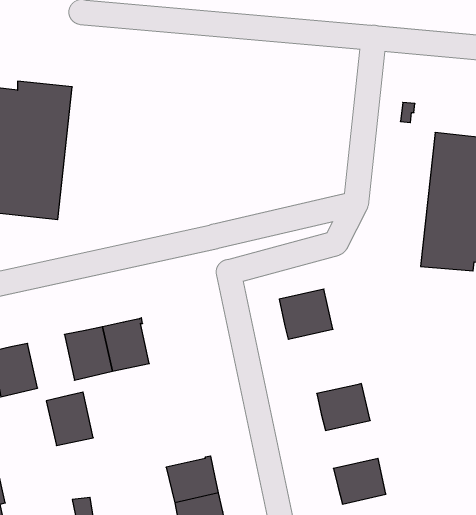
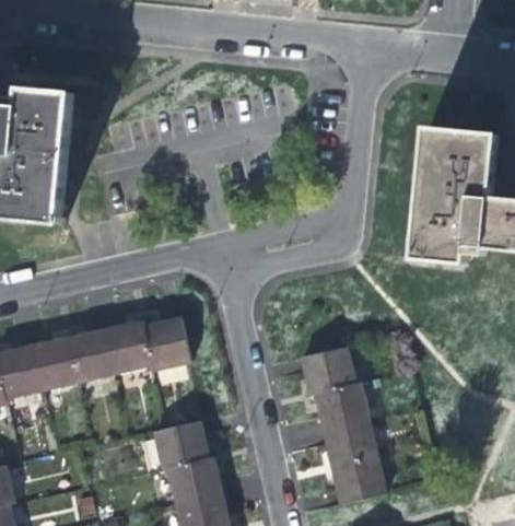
building: [279,289,333,339] -> [301,346,353,395]
building: none -> [141,317,188,369]
building: [46,392,93,446] -> [31,336,77,388]
building: none -> [151,420,204,467]
building: none -> [323,420,374,467]

